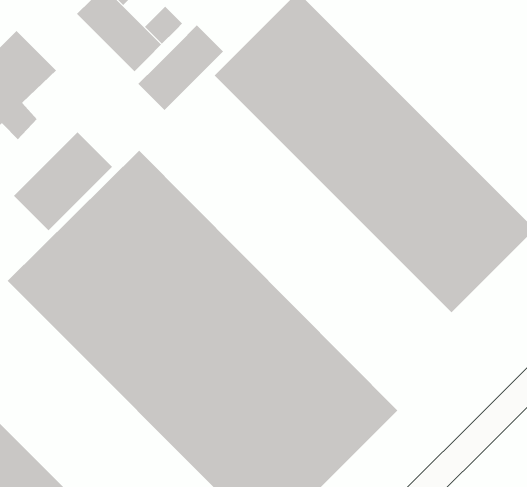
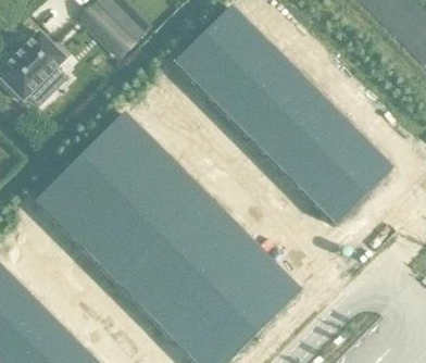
building: [138,25,224,111] -> none
building: [13,131,113,231] -> none

